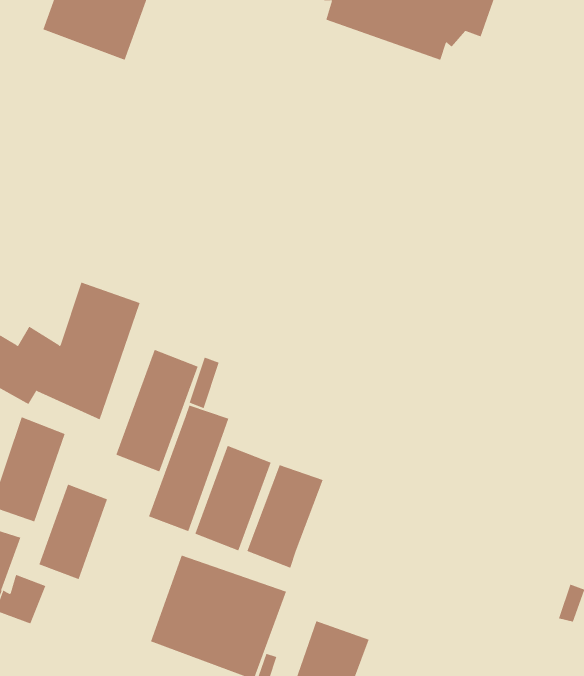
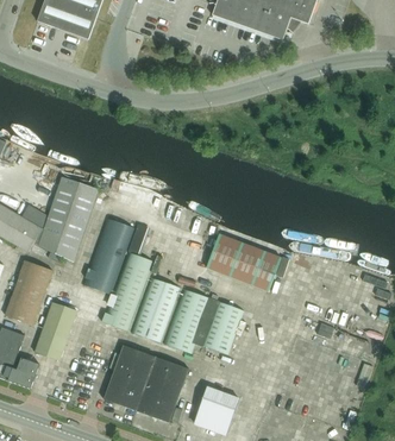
building: none -> [206,233,281,291]
building: none -> [194,298,243,354]

